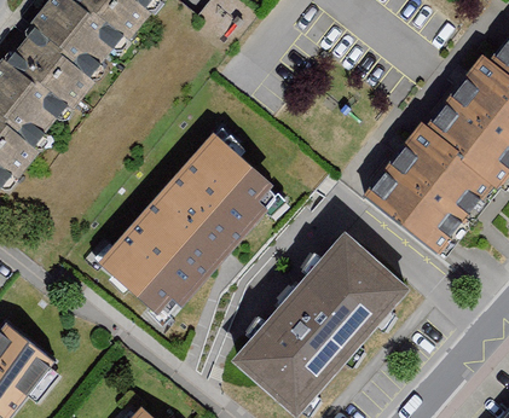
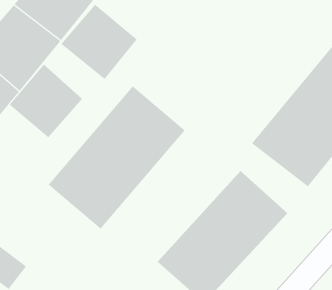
building: none -> [60,4,138,80]
building: none -> [9,64,83,138]

